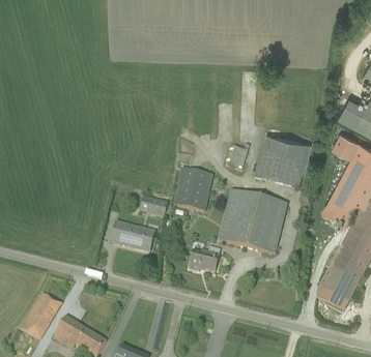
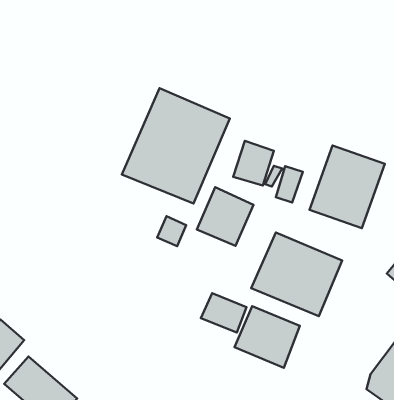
building: none -> [122,88,230,203]
building: none -> [233,141,274,185]
building: [111,219,158,250] -> none
building: none -> [235,306,300,368]

